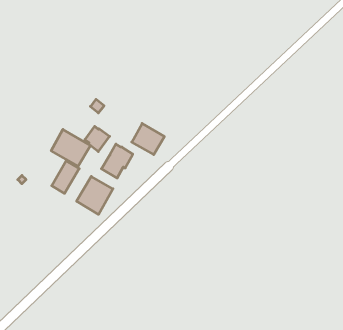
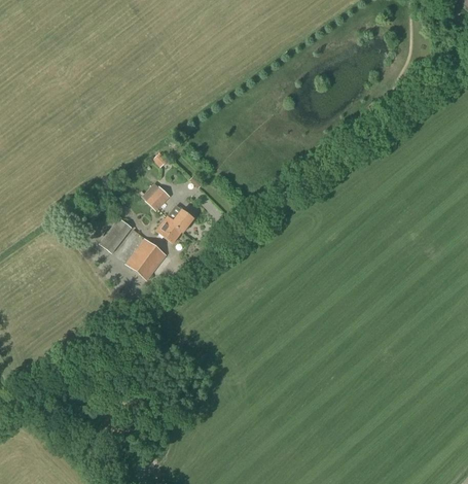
building: [132,123,164,155] -> none
building: [51,129,90,166] -> none

